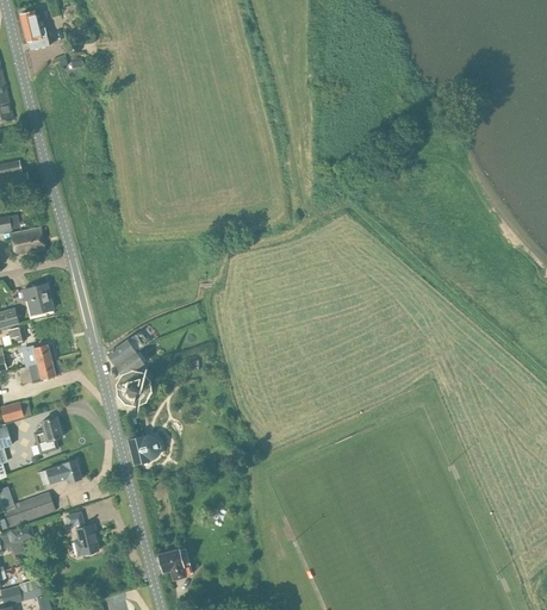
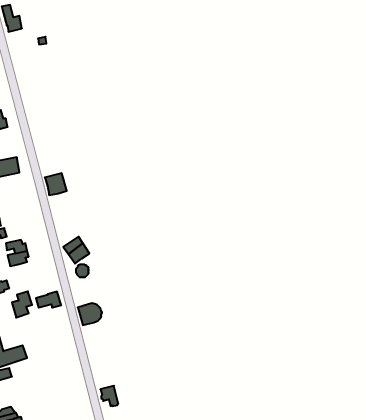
building: [21,284,52,315] -> [45,173,67,195]
building: [45,460,81,483] -> [36,292,61,308]
building: [64,512,98,556] -> none

